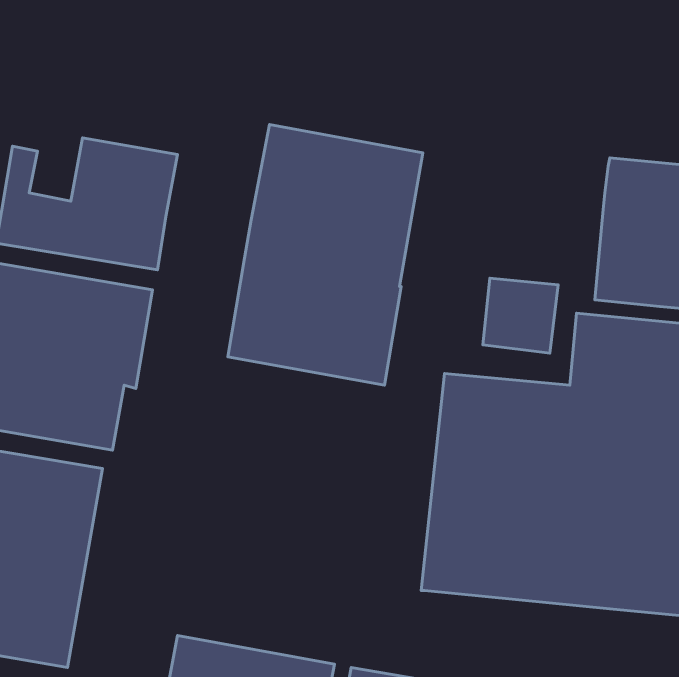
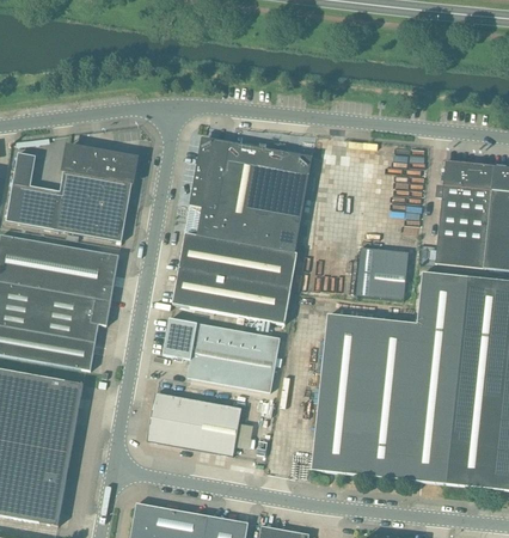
building: none -> [162,318,280,391]
building: none -> [147,392,240,456]

